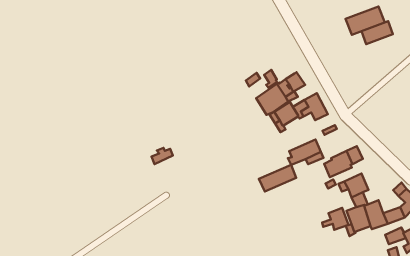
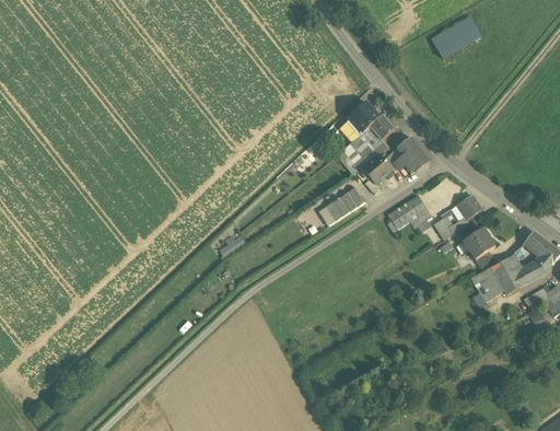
building: [362,21,393,44] -> none
building: none -> [349,102,380,132]
building: [259,165,296,191] -> [319,186,365,224]
building: [322,208,348,230] -> none

